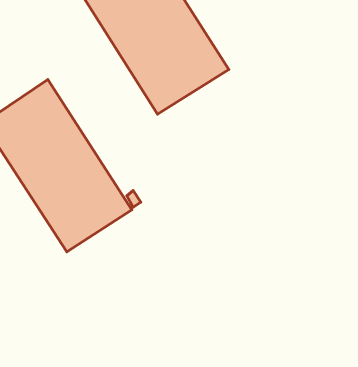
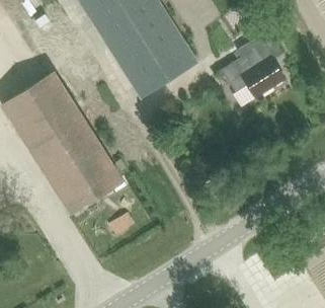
building: none -> [219,34,282,100]

